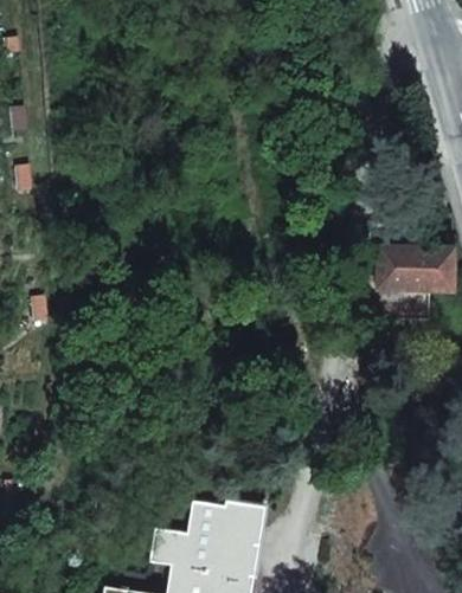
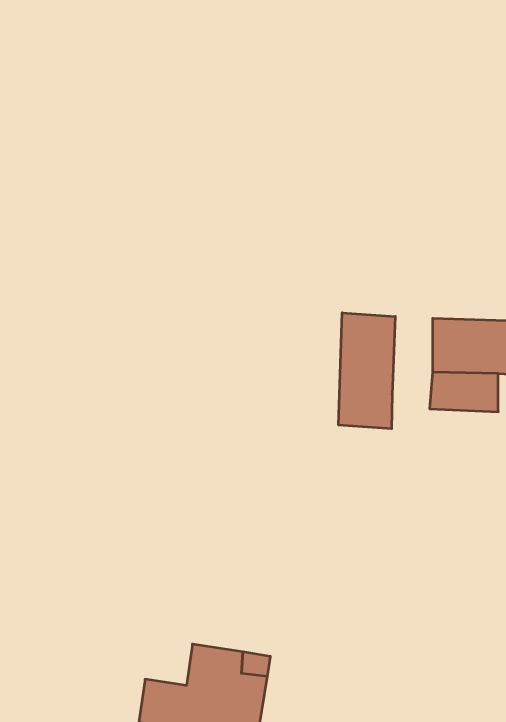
building: none -> [339,313,395,429]

